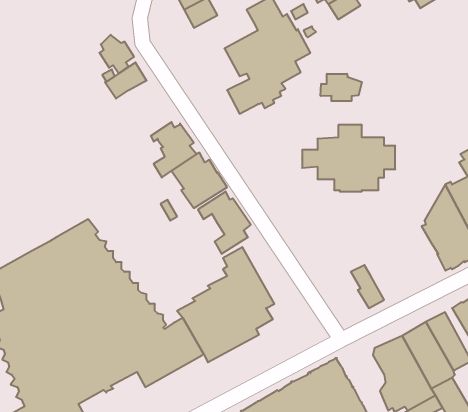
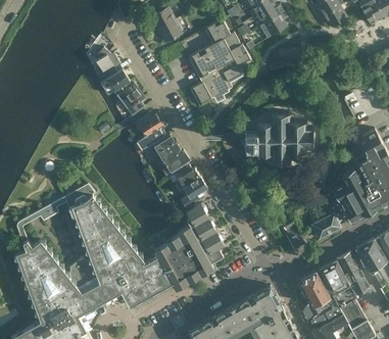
building: [321,74,362,101] -> none
building: none -> [117,83,145,116]
building: none -> [311,204,341,239]

